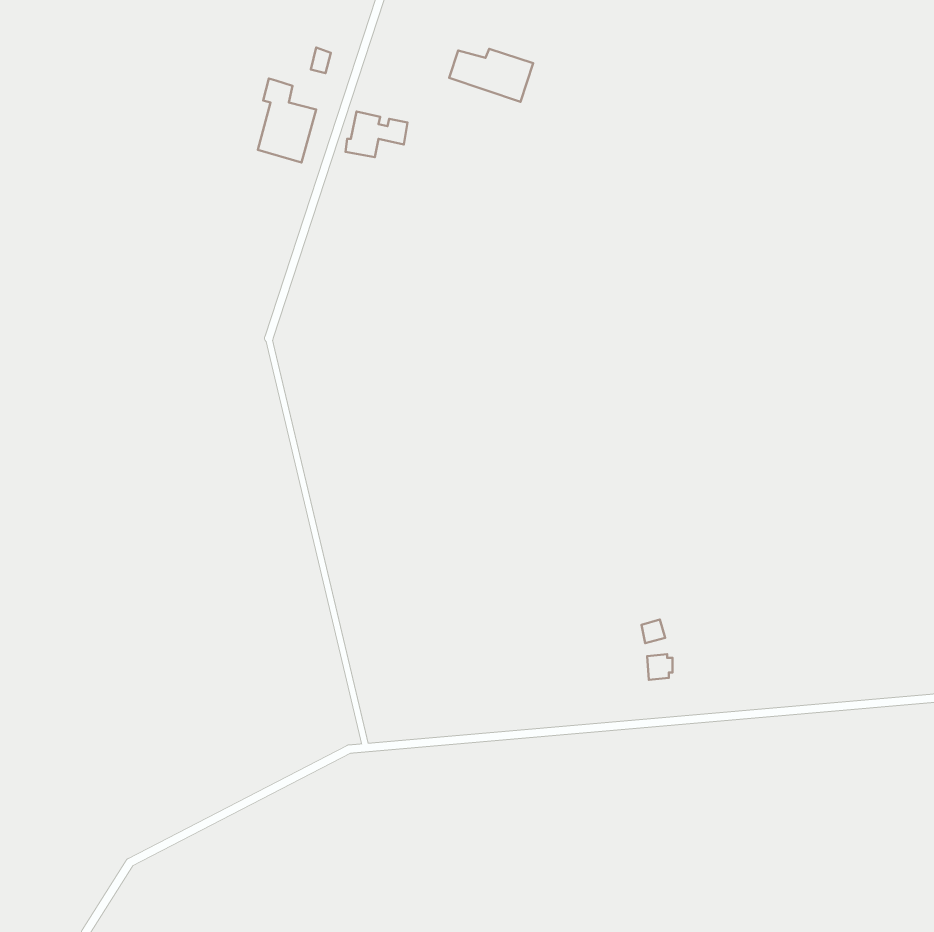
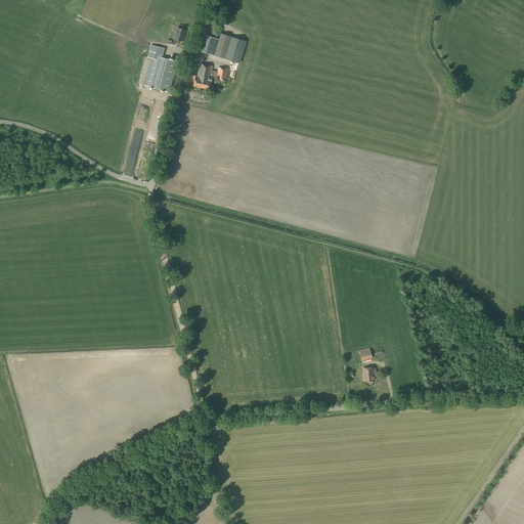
building: [449,49,533,102] -> [199,33,246,62]

